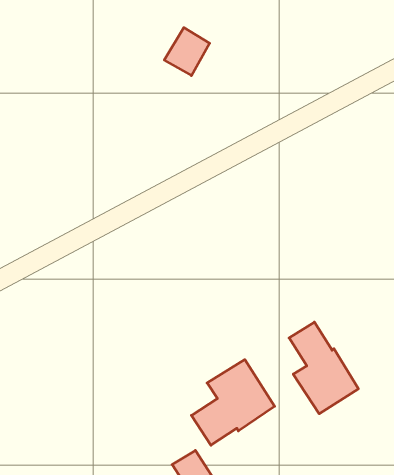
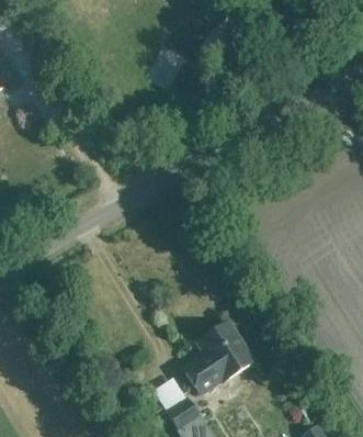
building: [289,322,358,414] -> none

